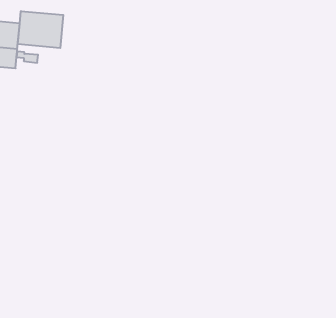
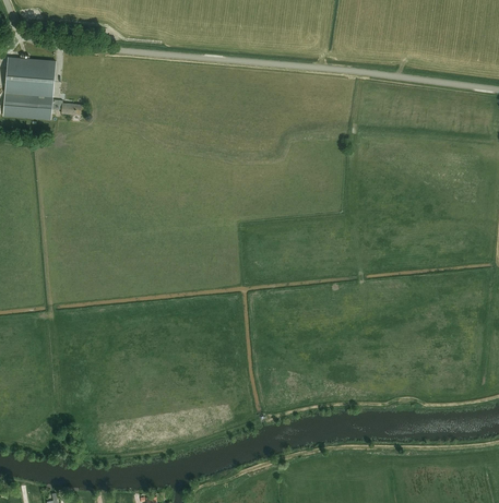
building: [18,11,63,48] -> none

